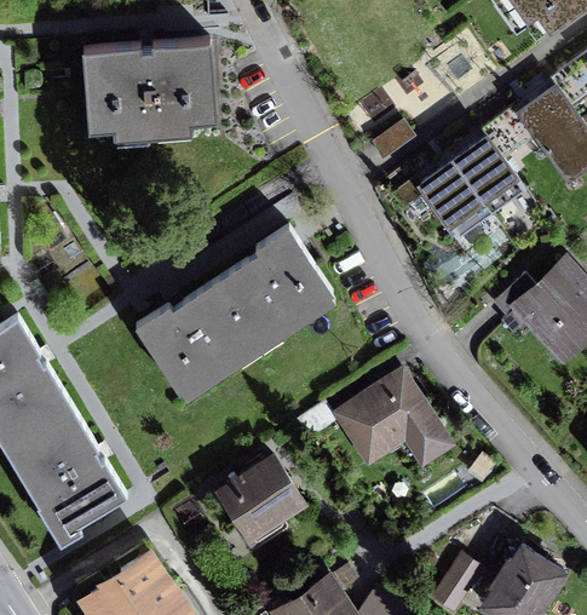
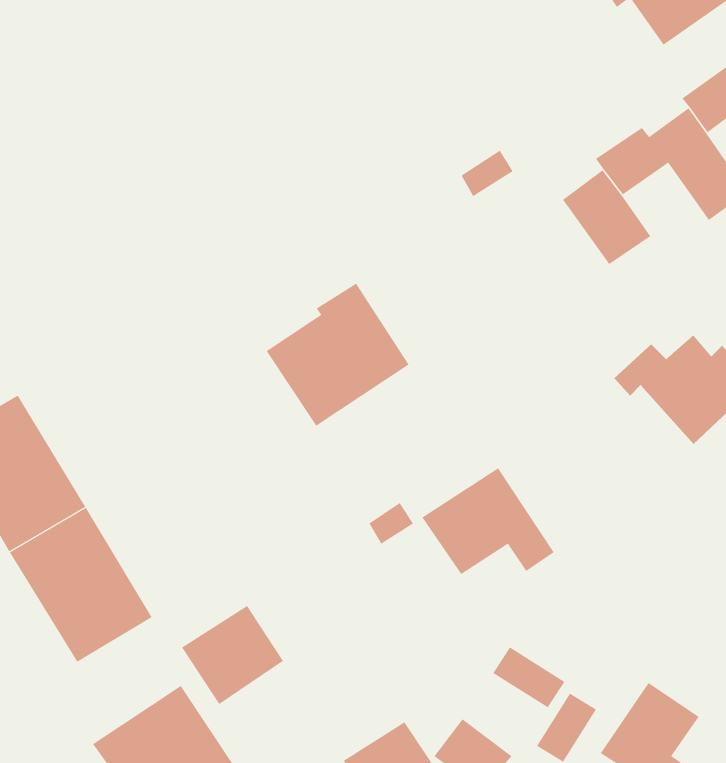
building: [82,41,214,131] -> none
building: [396,162,489,237] -> none
building: [136,283,254,392] -> none
building: [219,460,301,540] -> [181,605,284,705]
building: none -> [492,647,565,708]

